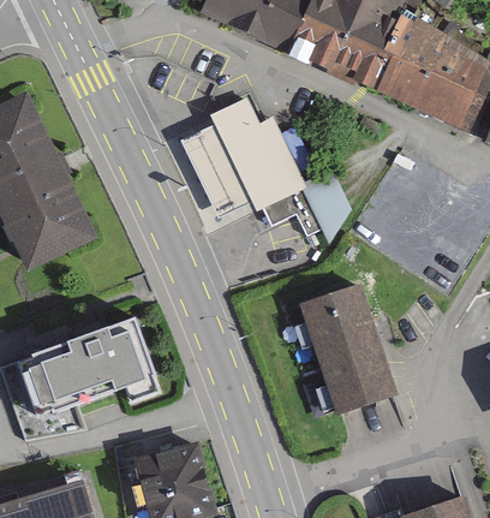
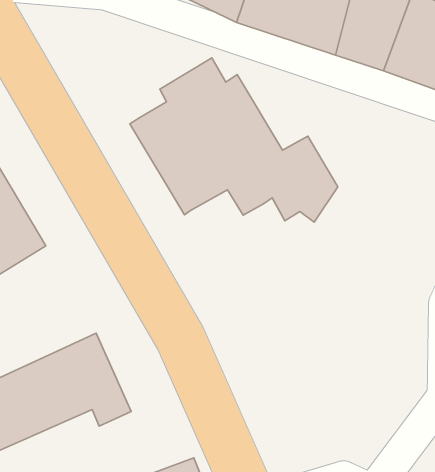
building: [303,280,411,413] -> none

